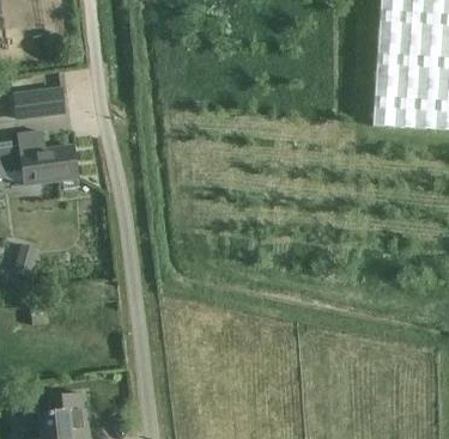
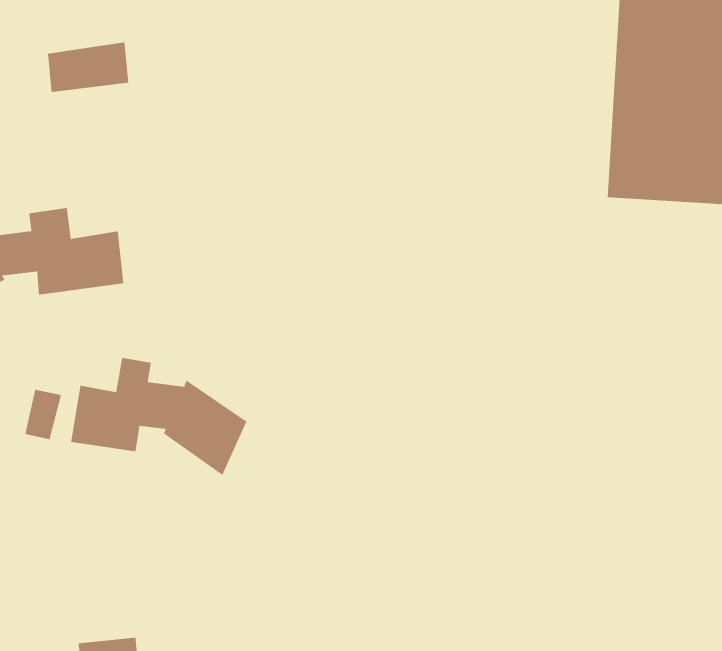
building: [16,87,66,118] -> [47,42,129,93]
building: none -> [71,357,247,476]

